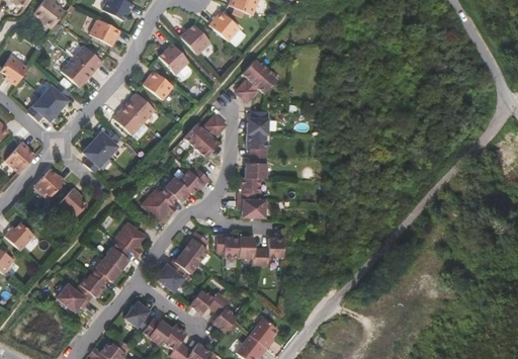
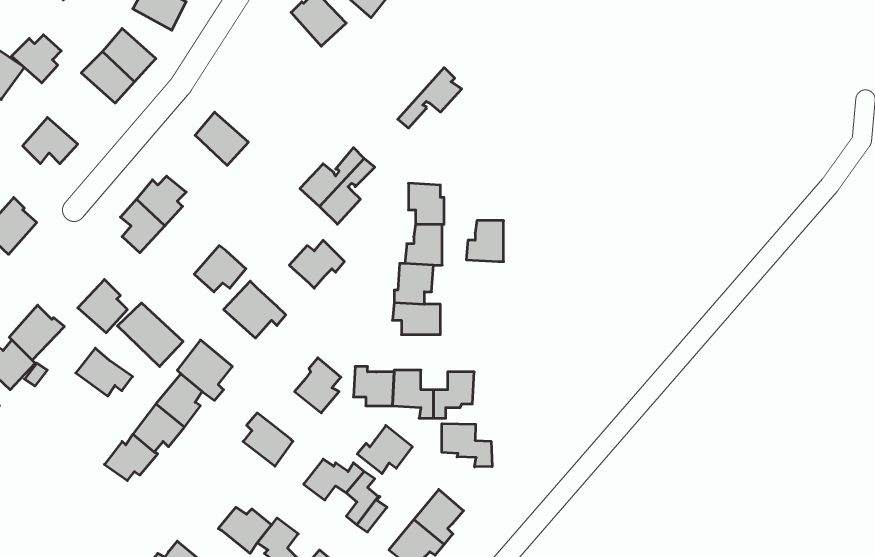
building: [159,43,189,75] -> none
building: [236,60,267,97] -> none
building: [143,71,174,100] -> none
building: [41,84,70,111] -> [11,35,61,83]
building: [113,106,144,136] -> none
building: [247,111,268,134] -> [466,221,504,262]
building: [34,169,66,200] -> [9,305,64,360]
building: [161,177,190,203] -> [194,246,246,292]
building: none -> [117,303,183,367]
building: [166,252,197,279] -> [357,425,412,474]
building: none -> [442,424,492,467]
building: [55,286,87,313] -> [76,348,133,396]
building: [121,299,149,330] -> none

